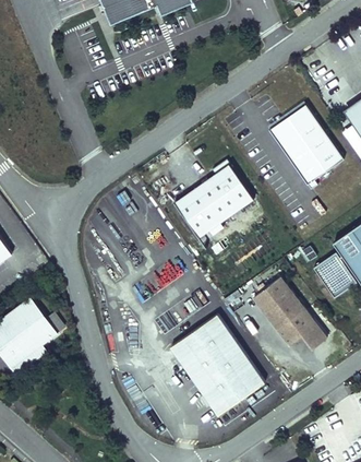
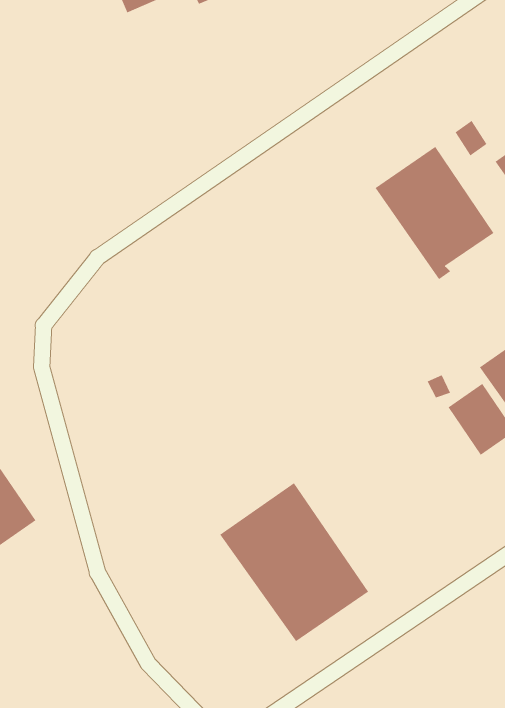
building: [177,159,254,237] -> none
building: [254,277,327,350] -> none

